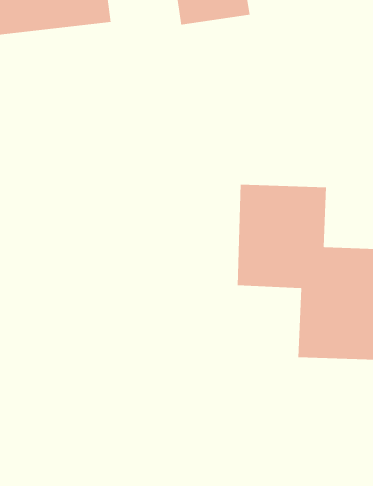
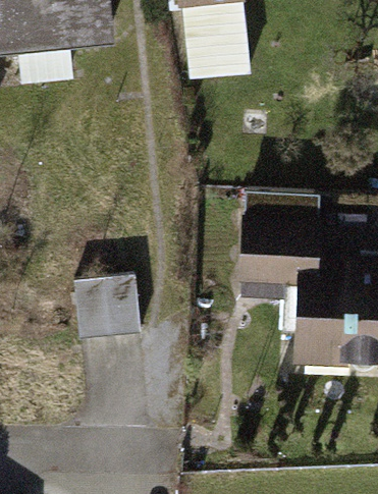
building: none -> [89,270,152,333]

